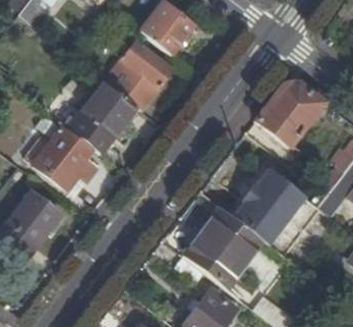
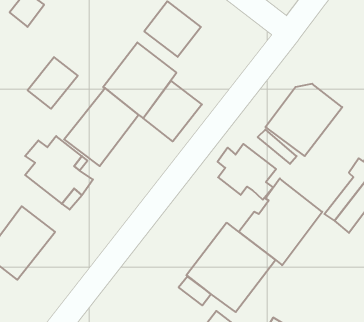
building: none -> [28,57,78,109]
building: none -> [143,81,202,141]
building: none -> [218,144,276,200]

